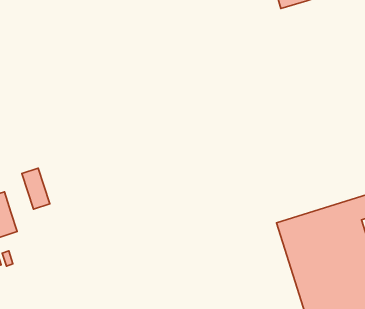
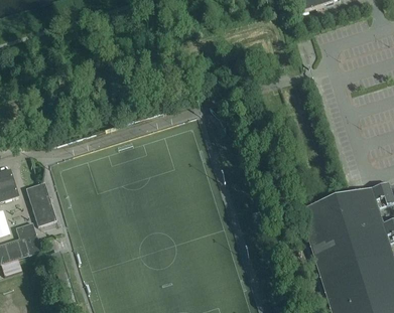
building: [22,168,50,209] -> none

